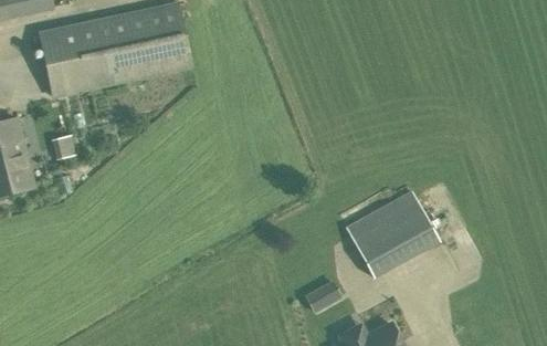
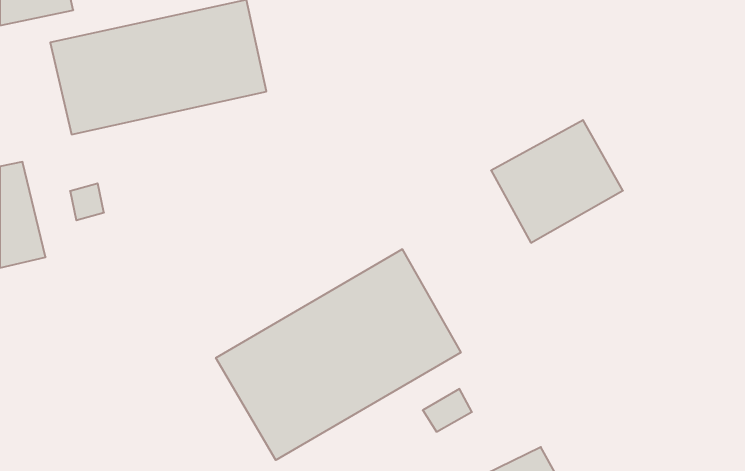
building: none -> [216,249,461,460]
building: [345,190,440,279] -> [491,120,623,243]

